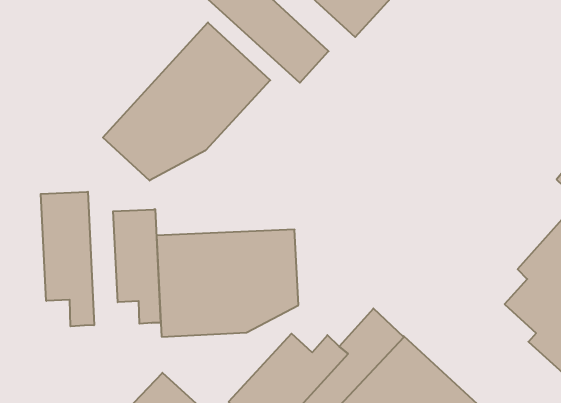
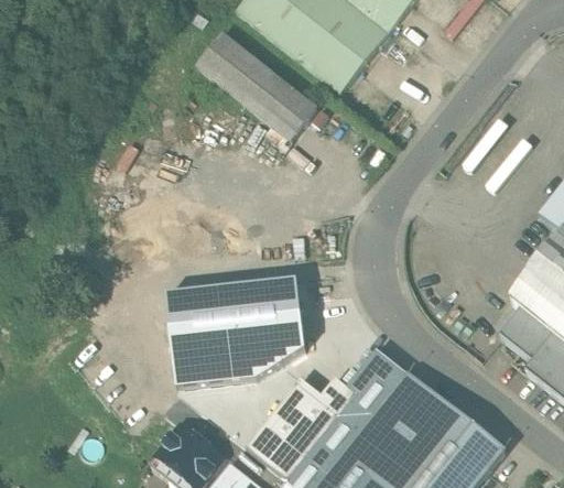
building: [103,22,270,181] -> none
building: [41,192,94,326] -> none
building: [113,209,160,324] -> none

